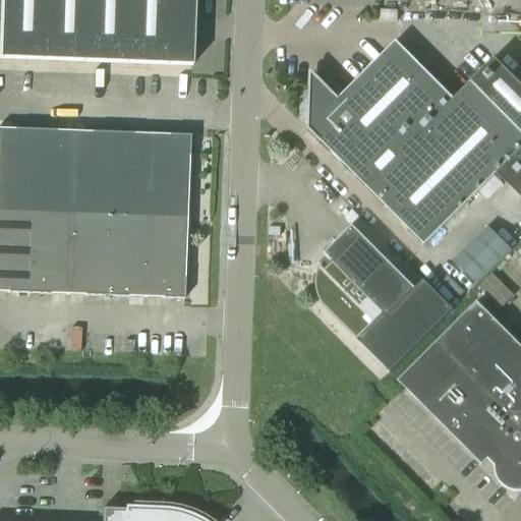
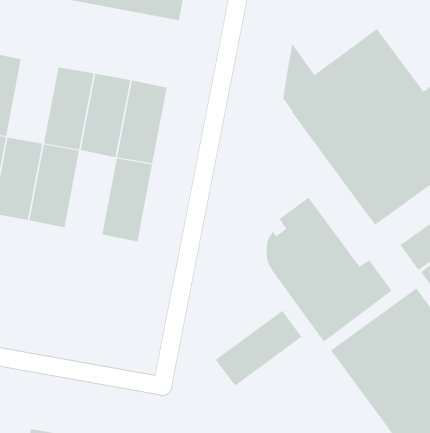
building: [32,126,73,210] -> none
building: [106,211,148,294] -> none
building: none -> [215,310,302,386]

